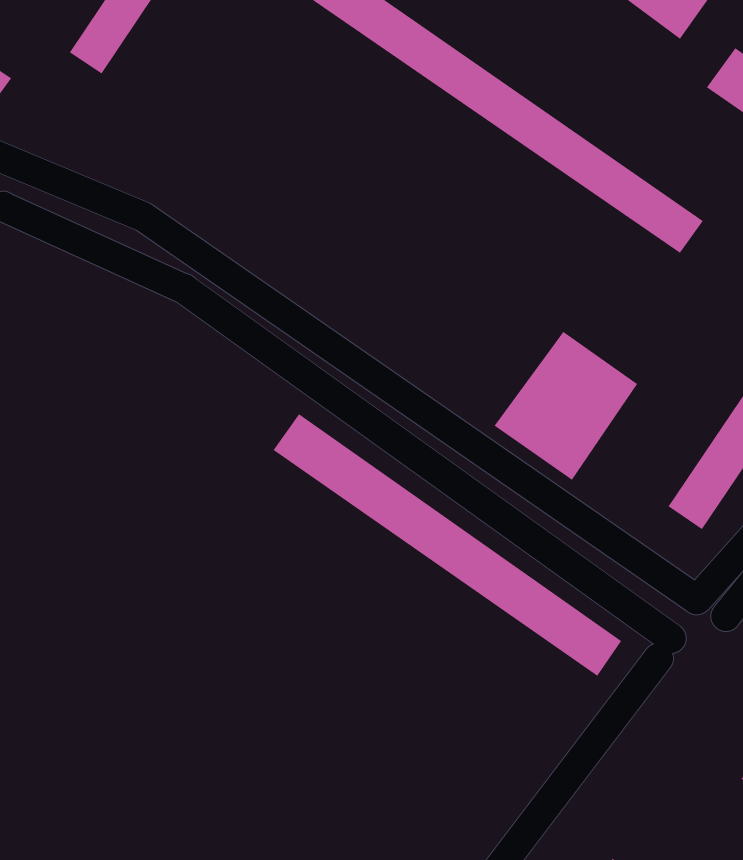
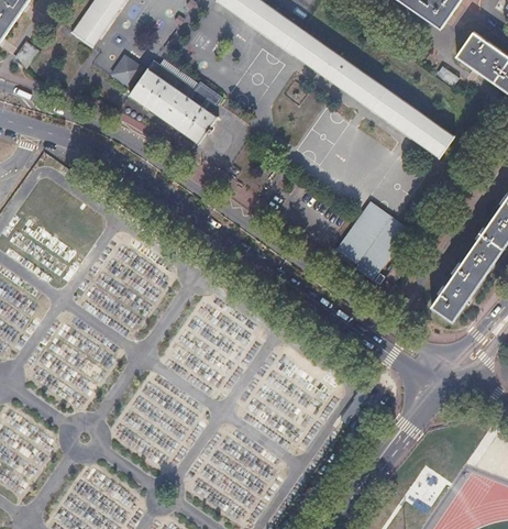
building: none -> [110,53,219,143]
building: [273,413,622,677] -> none

